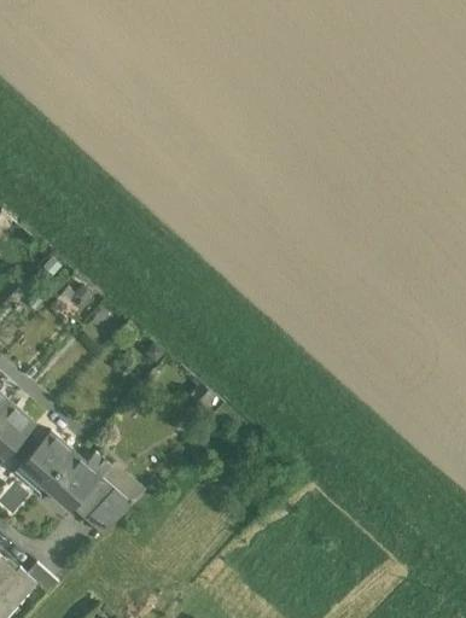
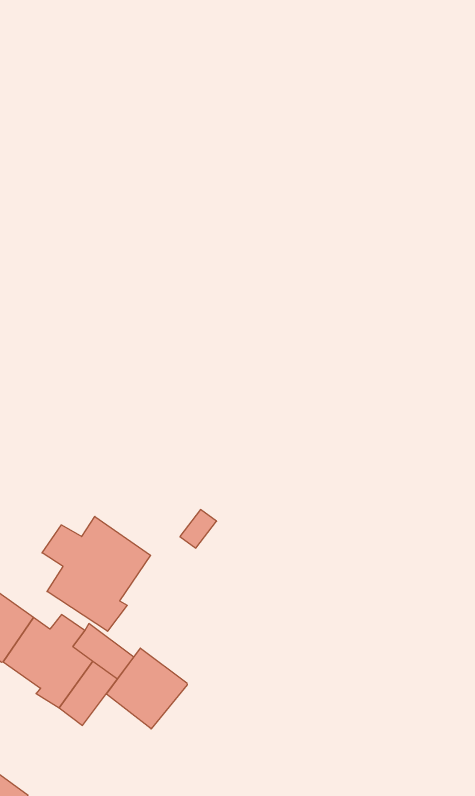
building: none -> [42,516,151,631]
building: none -> [107,648,187,729]

